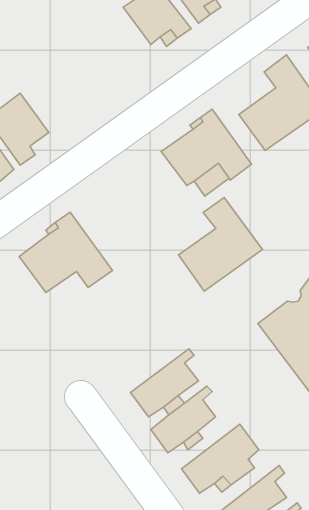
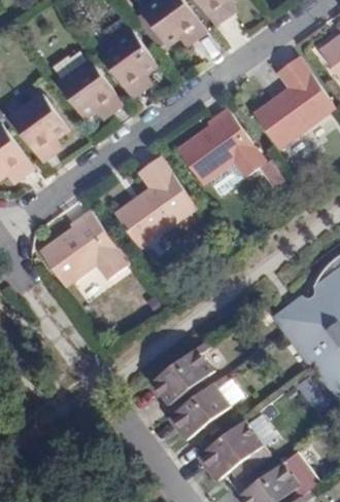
building: none -> [98,29,157,96]
building: none -> [56,60,121,117]
building: [179,198,262,291] -> [115,157,197,248]

